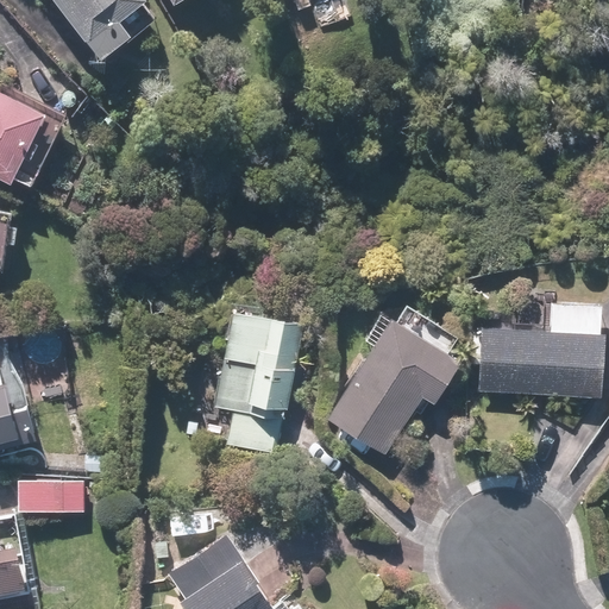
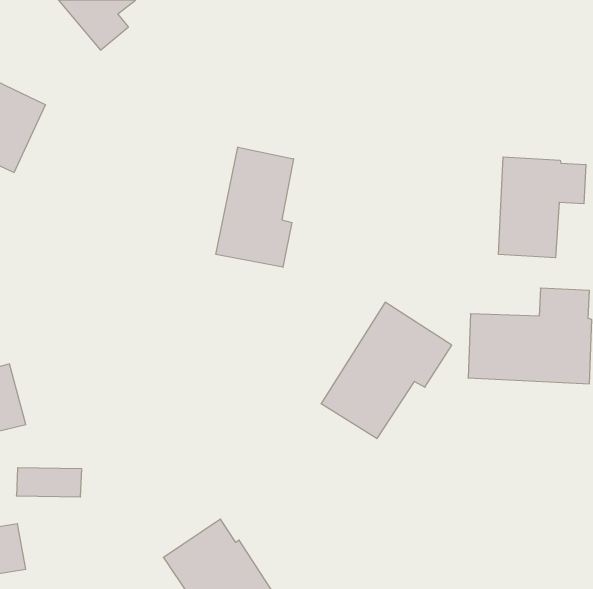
building: none -> [216,147,294,267]
building: none -> [499,157,586,258]
building: [215,303,304,456] -> none

